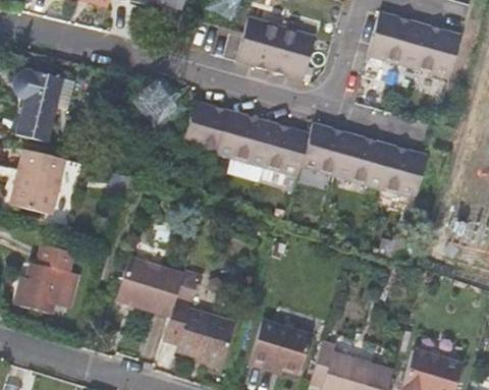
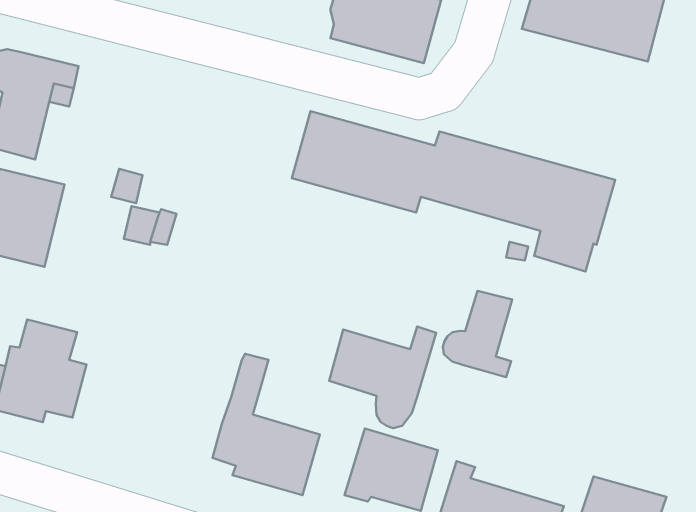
building: [182,101,228,154] -> none
building: none -> [443,291,512,377]
building: none -> [329,327,436,428]
building: [117,258,183,315] -> none

